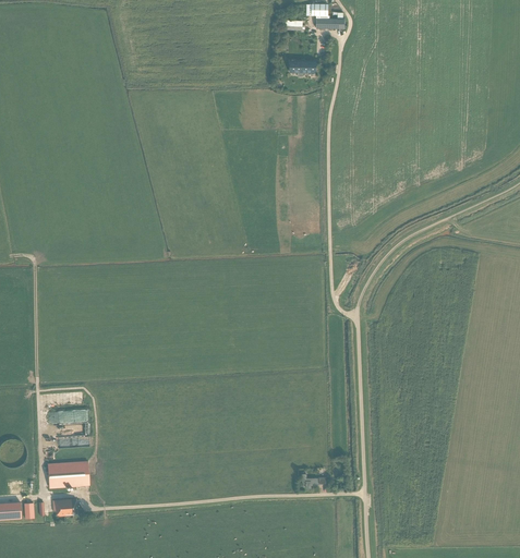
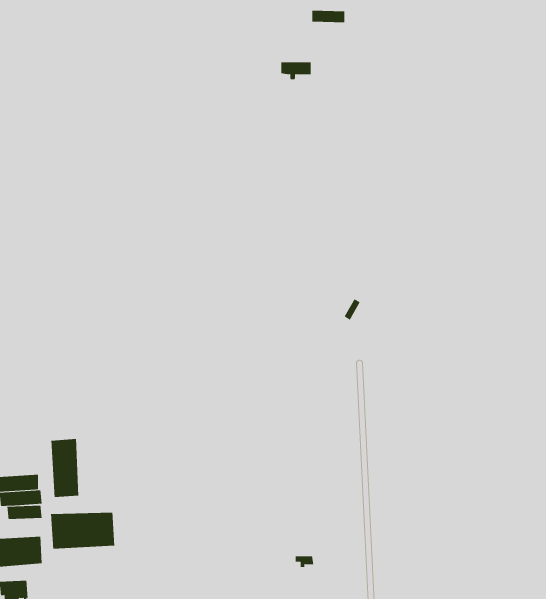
building: none -> [51,438,79,498]
building: none -> [51,512,115,550]

